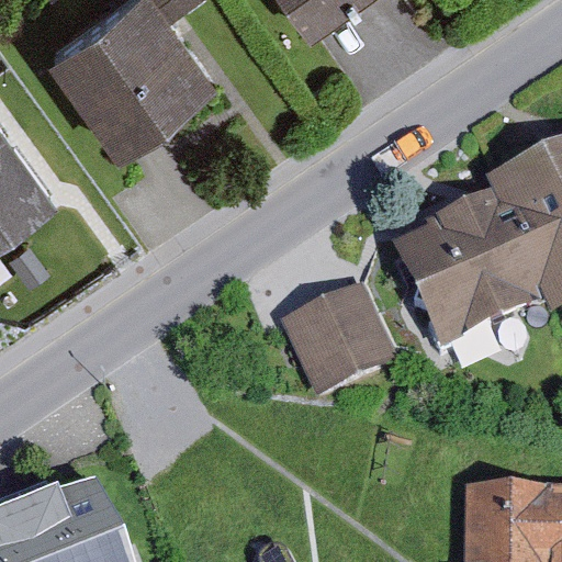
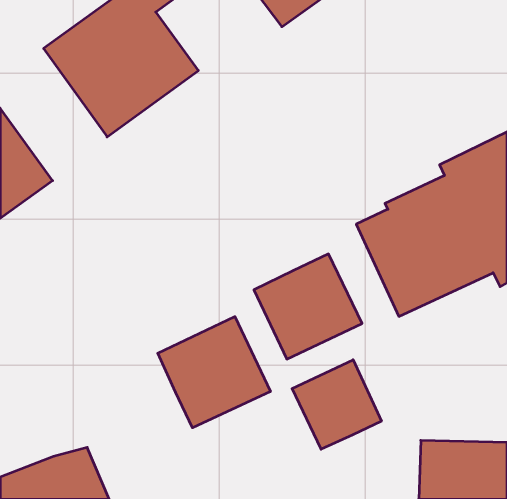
building: none -> [158,317,270,428]
building: none -> [292,360,381,449]

